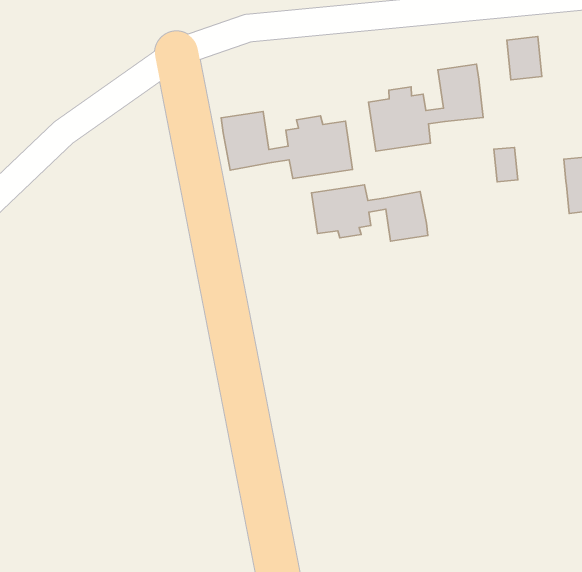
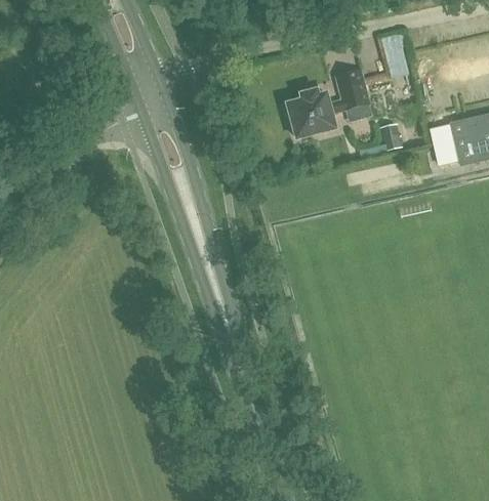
building: [221,112,353,178] -> none
building: [312,185,428,241] -> none

